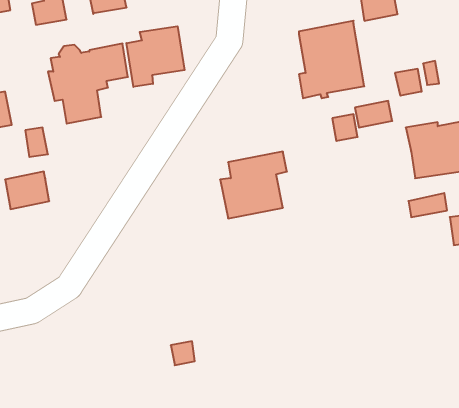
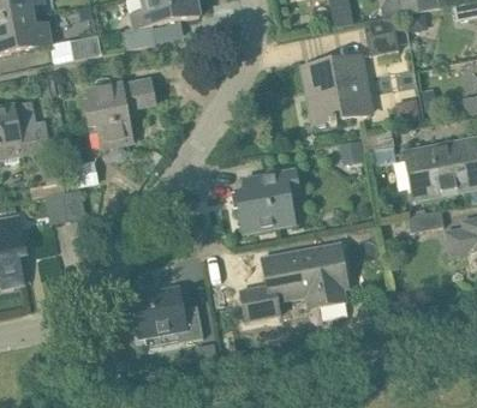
building: [126,26,185,87] -> none
building: none -> [239,242,350,320]
building: none -> [133,289,203,344]

